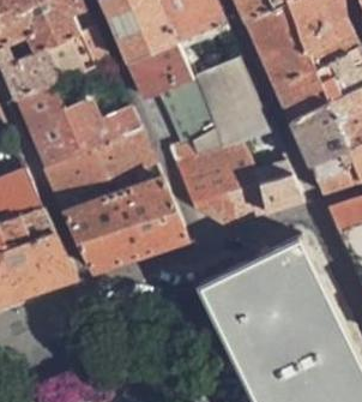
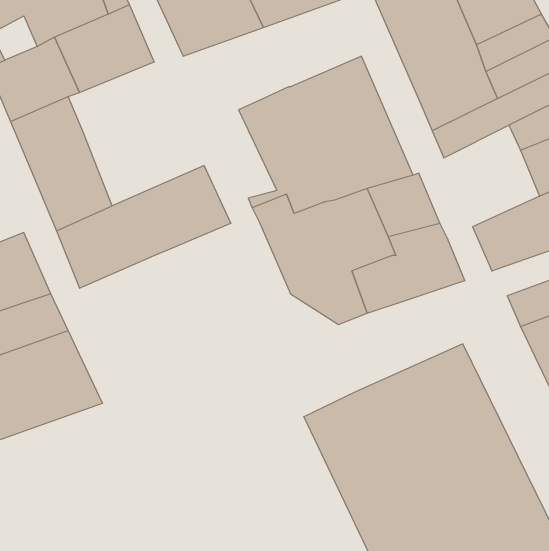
building: [126,41,187,100] -> none
building: [64,84,139,152] -> none
building: [289,102,349,166] -> none
building: [61,163,187,270] -> none

